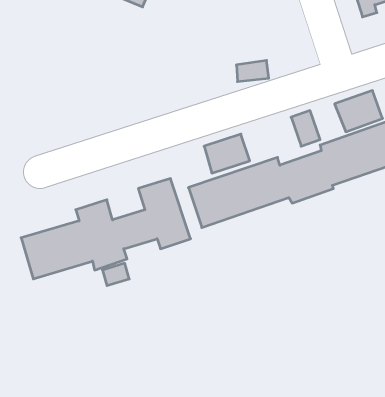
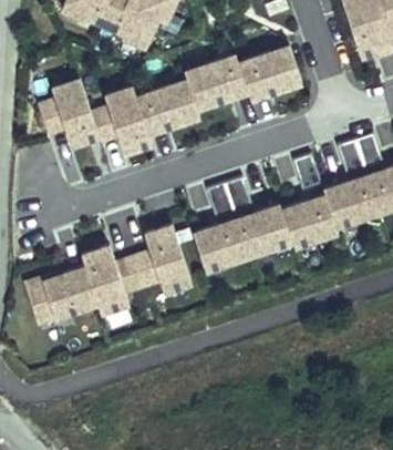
building: none -> [39,49,302,157]

